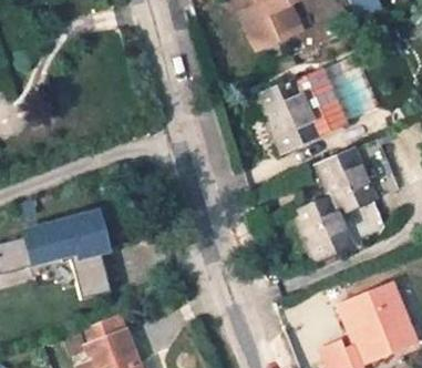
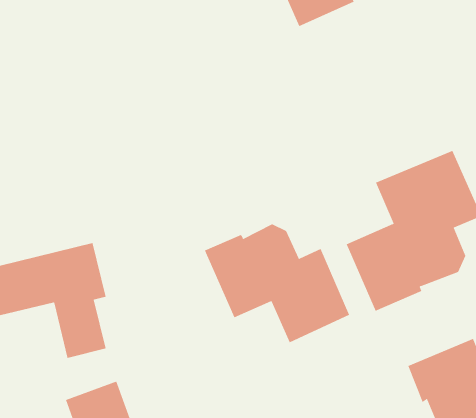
building: [256,67,347,152] -> none
building: none -> [204,224,350,343]

